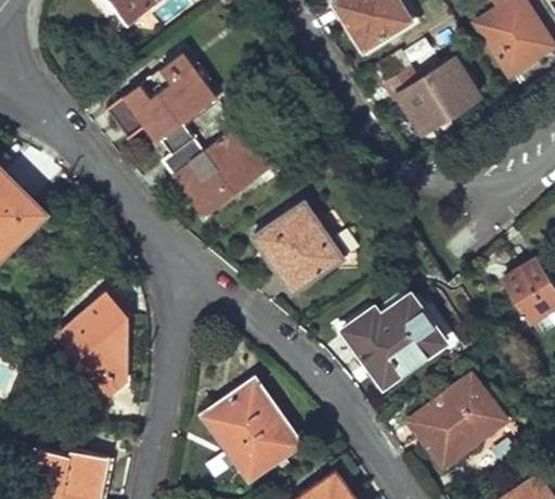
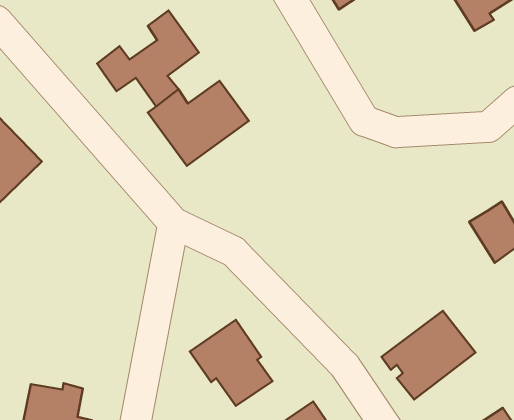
building: [375,52,479,128] -> none
building: [255,203,337,291] -> none
building: [62,297,127,381] -> none
building: [339,299,447,386] -> none

